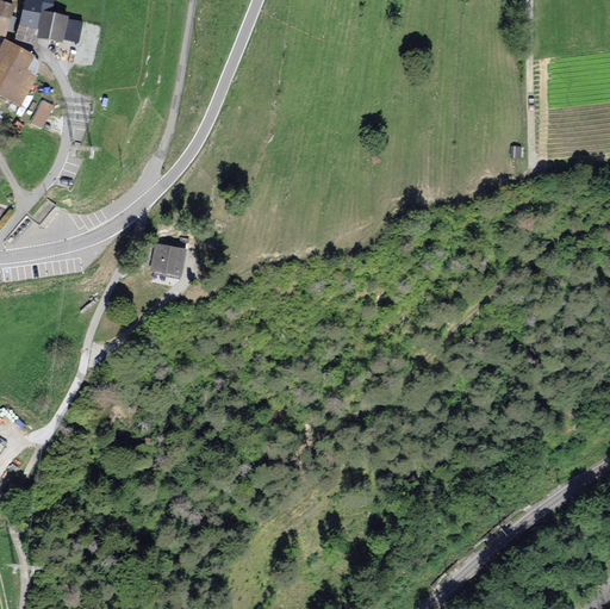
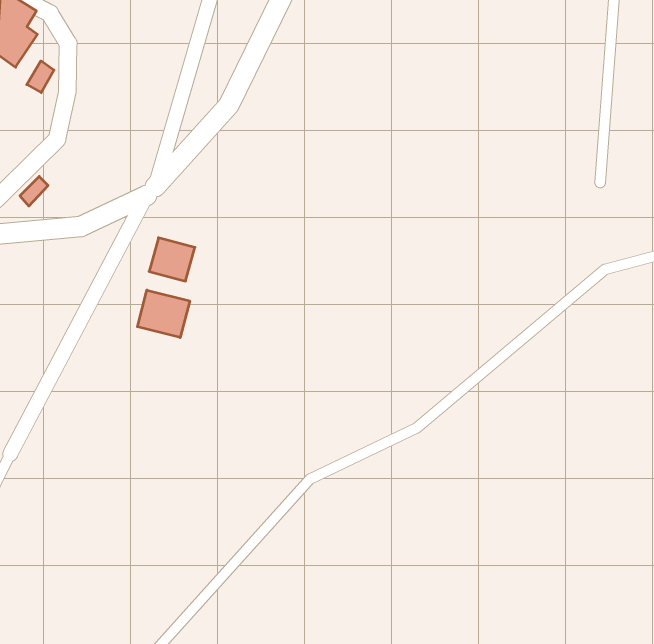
building: none -> [137,290,190,338]

